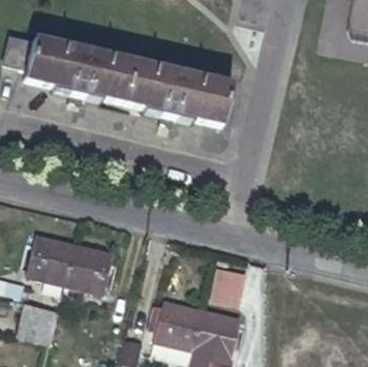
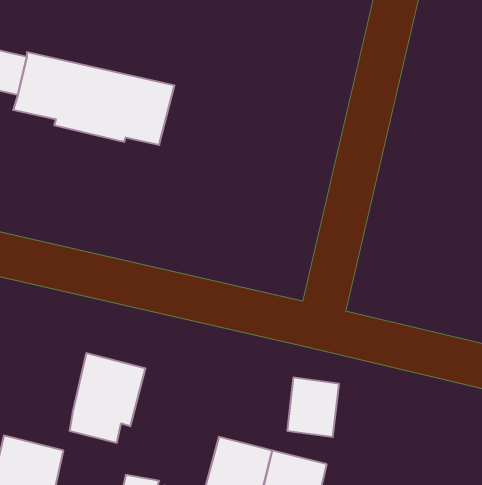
building: [122,63,229,126] -> none
building: [26,237,72,285] -> none

